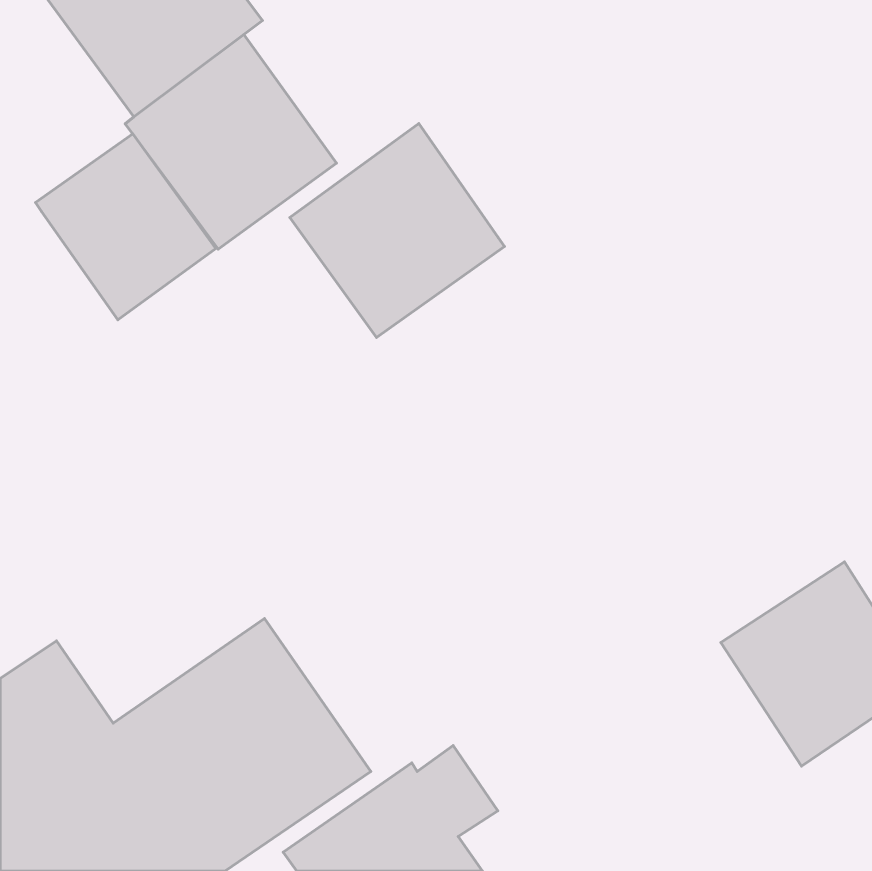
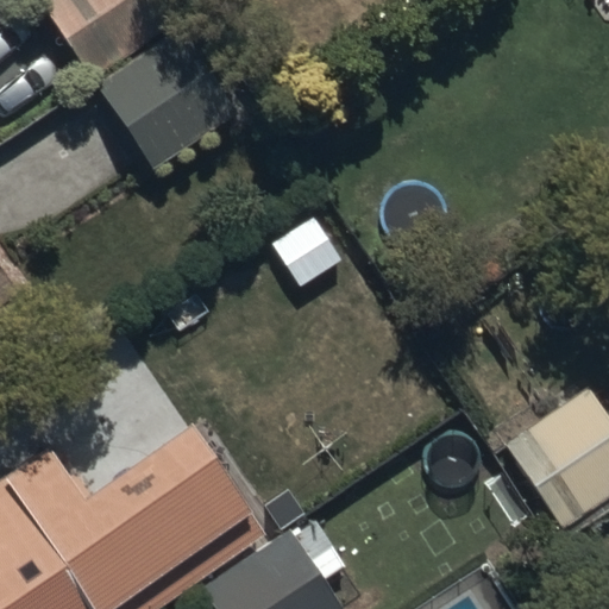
building: [290,124,504,337] -> none
building: [35,134,216,320] -> none

